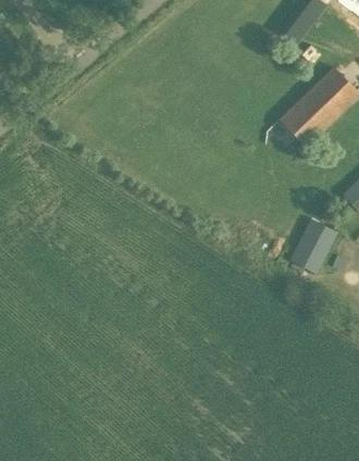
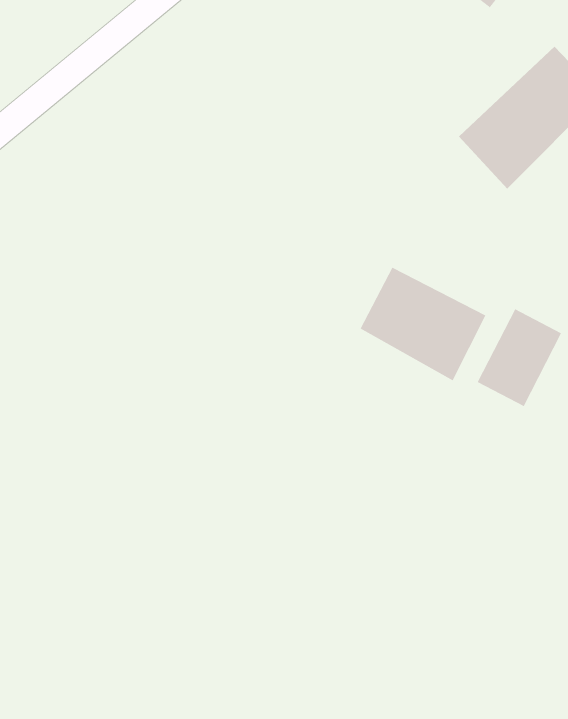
building: none -> [360,267,486,381]

